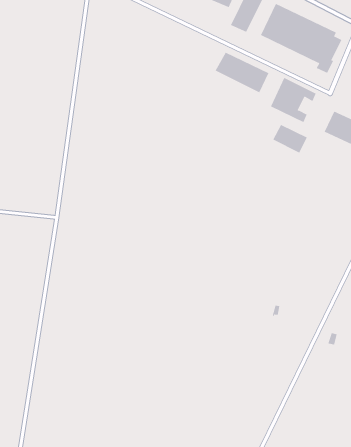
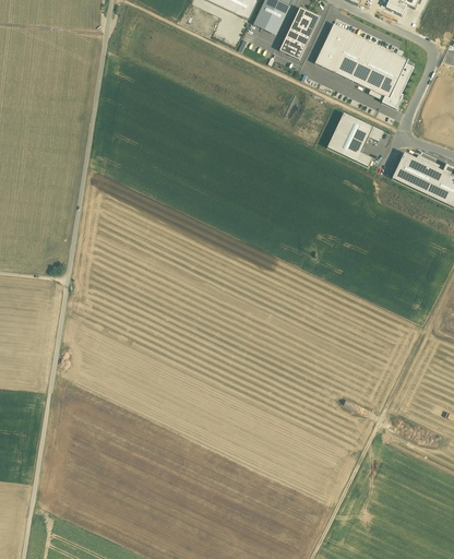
building: [215,52,269,93] -> none
building: [272,124,307,153] -> none

